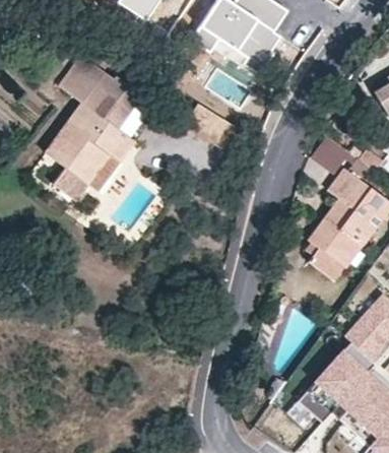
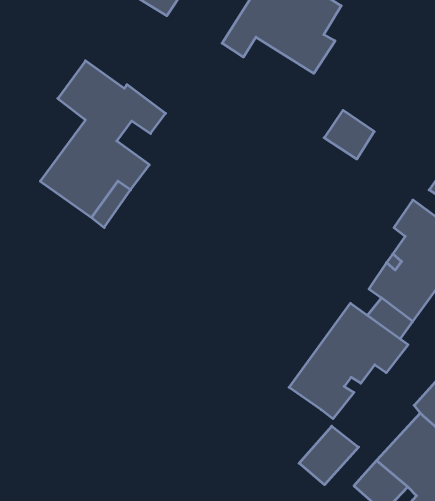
building: [308,134,348,174] -> [324,110,374,159]
building: none -> [289,303,408,419]
building: none -> [299,426,359,485]

